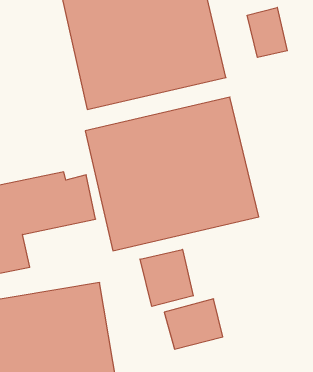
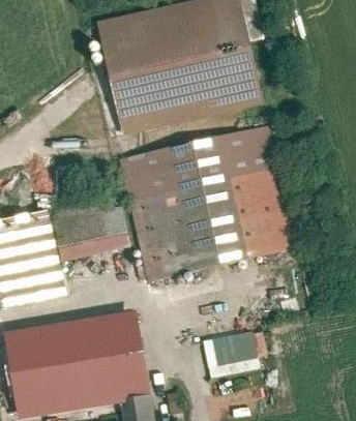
building: [247,7,287,57] -> none
building: [140,249,193,306] -> none

